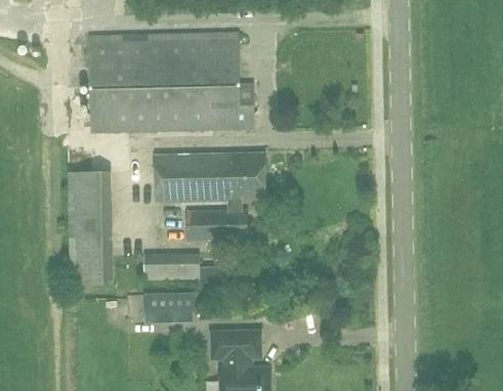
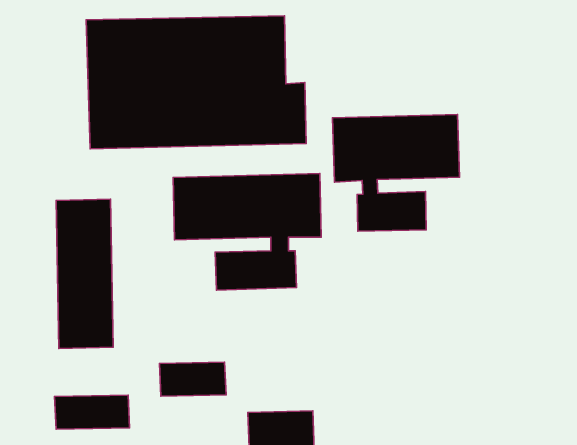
building: none -> [332,114,459,231]
building: [143,253,200,278] -> [55,395,129,429]

